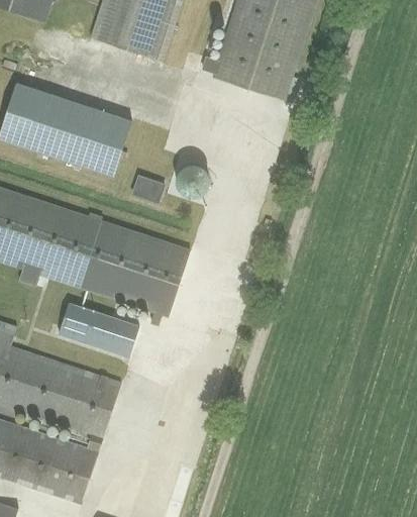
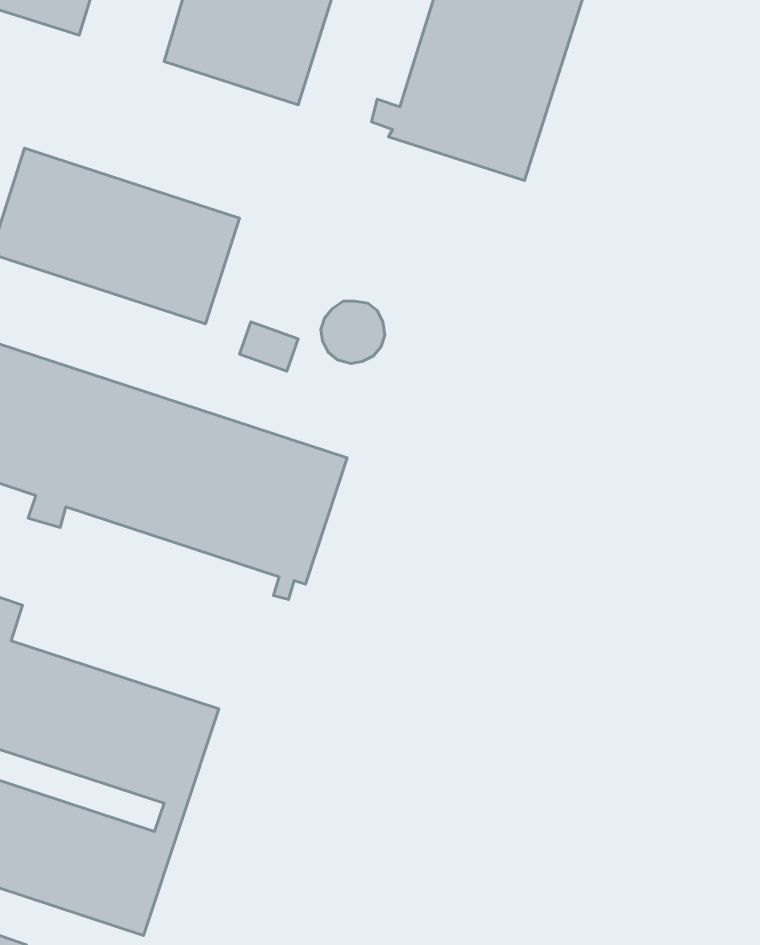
building: [60,302,138,356] -> none

